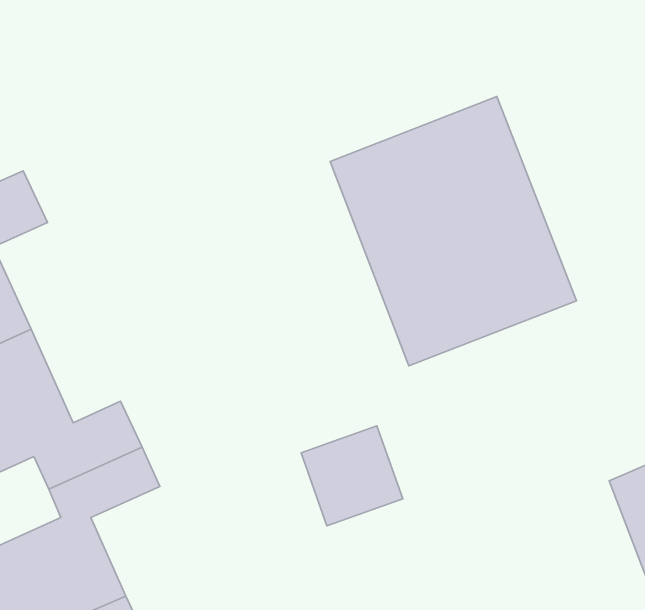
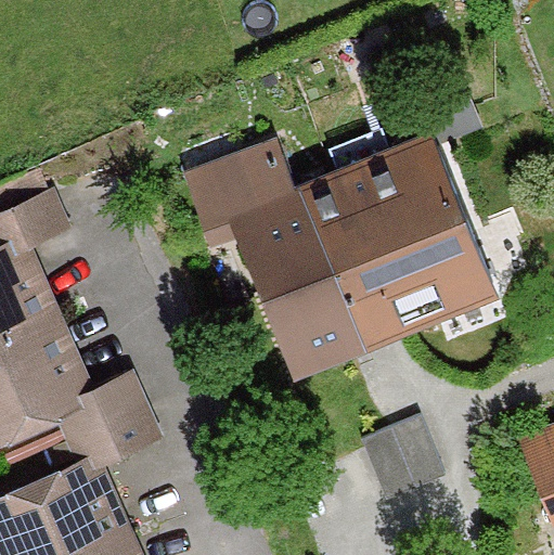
building: none -> [177,134,359,375]
building: [301,426,403,526] -> [372,412,453,492]

